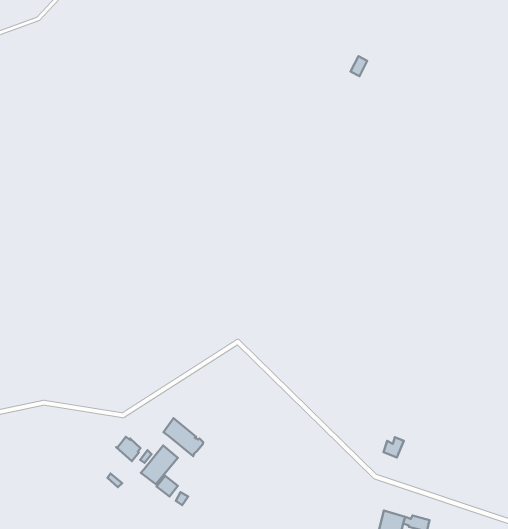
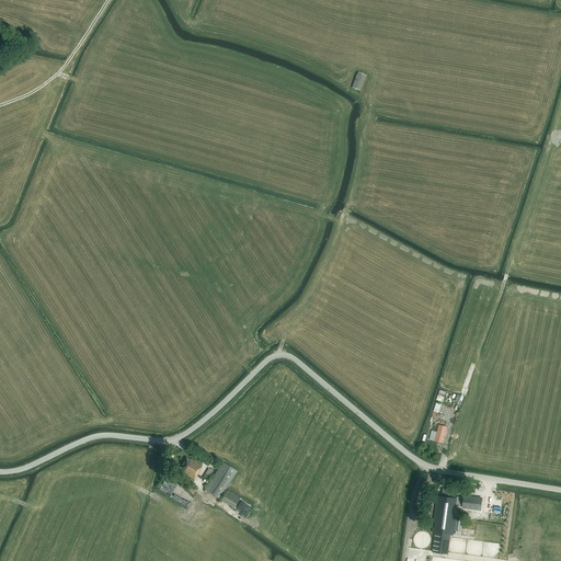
building: [163,418,203,456] -> none

